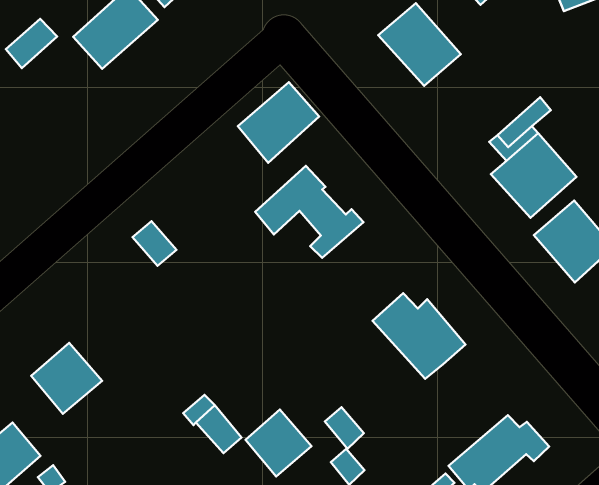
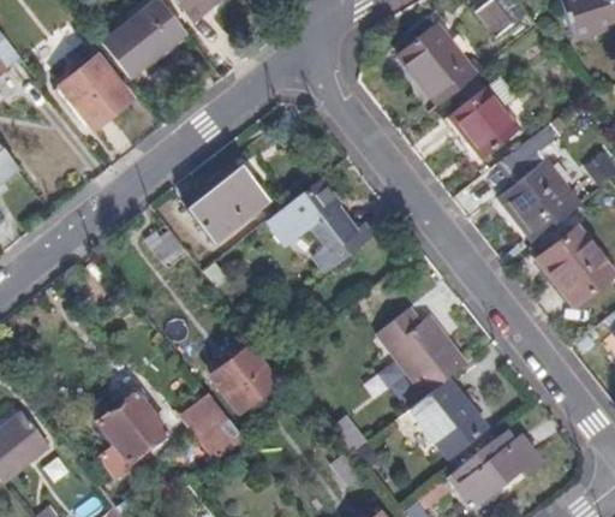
building: none -> [60,55,132,129]
building: none -> [448,91,520,162]
building: [238,82,319,163] -> [189,165,268,242]
building: [31,343,102,414] -> [100,396,168,464]
building: none -> [406,379,483,458]
building: [245,409,312,477] -> [213,346,276,411]

